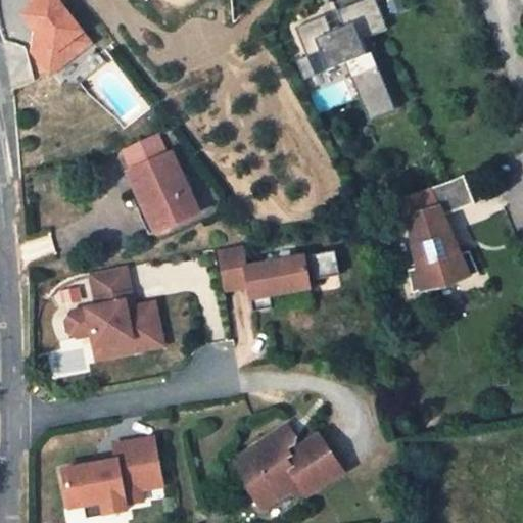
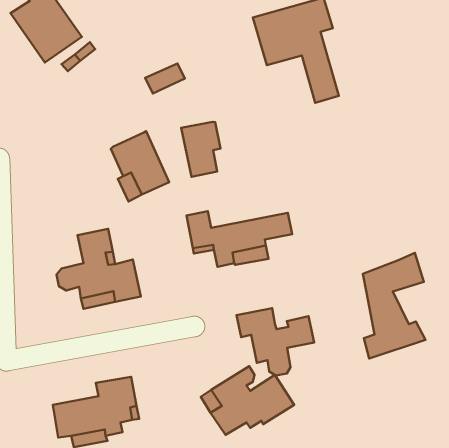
building: [122,136,168,171] -> [145,64,185,94]
building: none -> [181,122,221,177]
building: [408,173,480,295] -> [363,253,425,358]
building: none -> [237,308,314,376]

